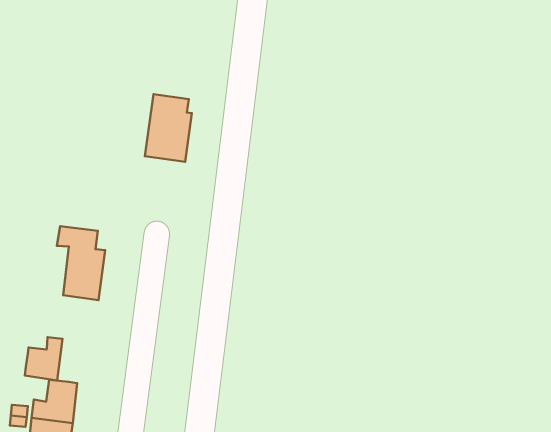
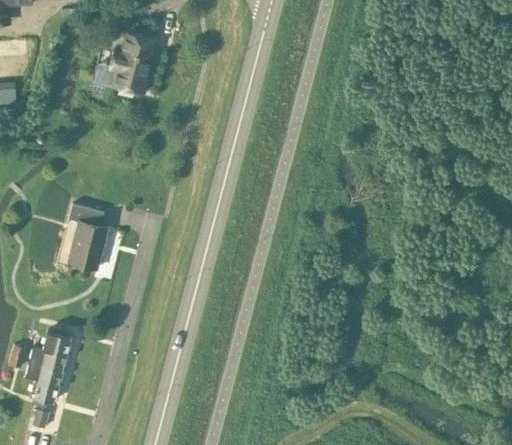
building: [145,94,192,162] -> [110,33,154,93]
building: [25,337,62,381] -> none

